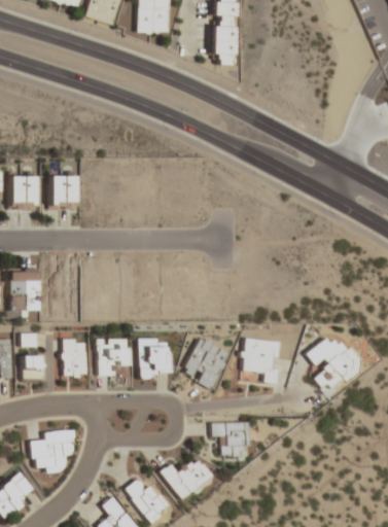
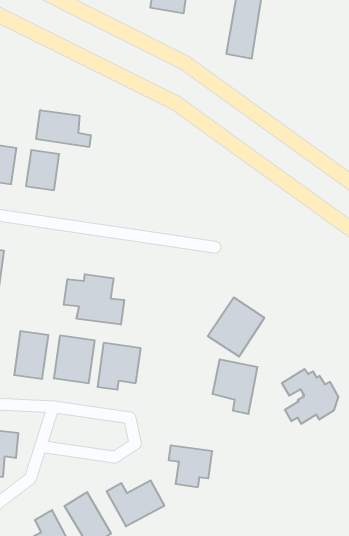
building: none -> [36,110,91,147]
building: none -> [64,274,124,325]
building: [182,337,231,389] -> [208,297,264,357]

